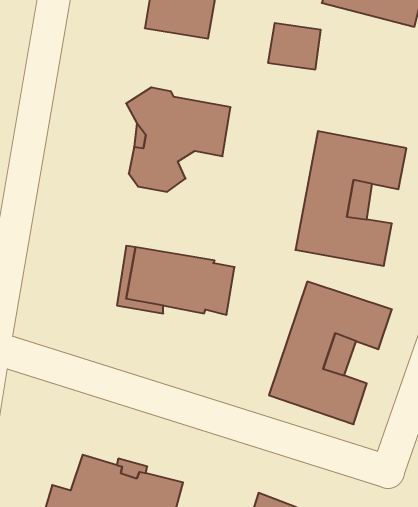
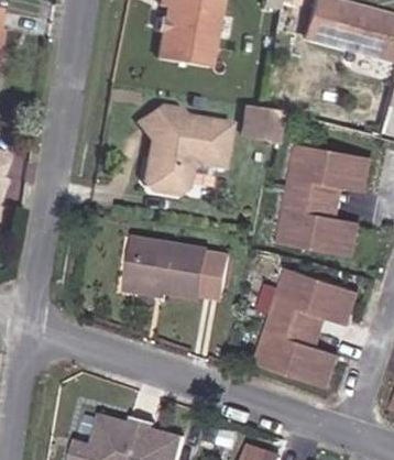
building: [268,23,321,69] -> [239,99,283,138]

